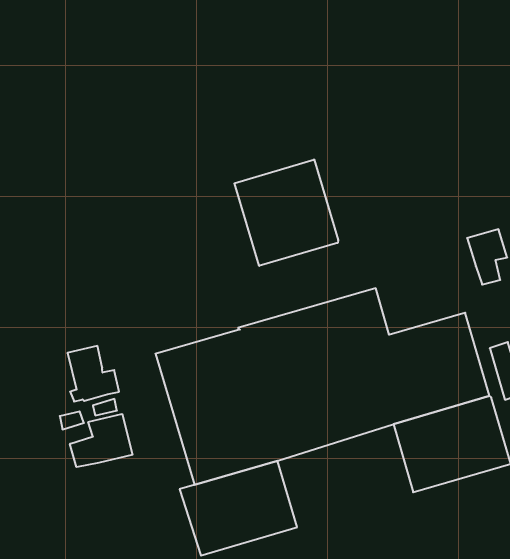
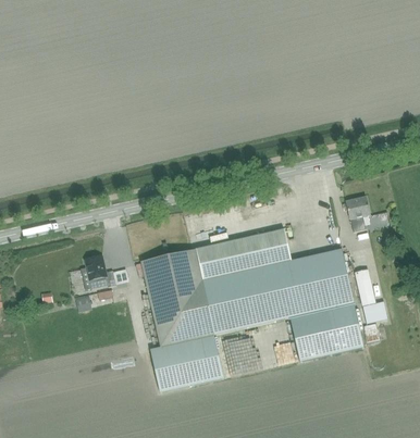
building: [234,159,338,266] -> none
building: [70,414,133,467] -> none

